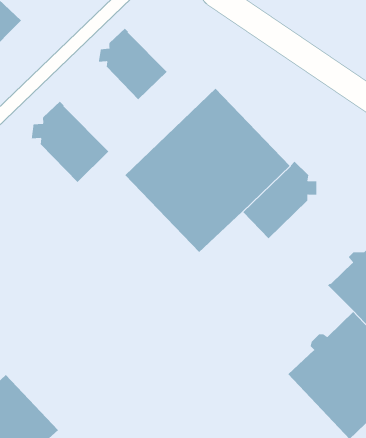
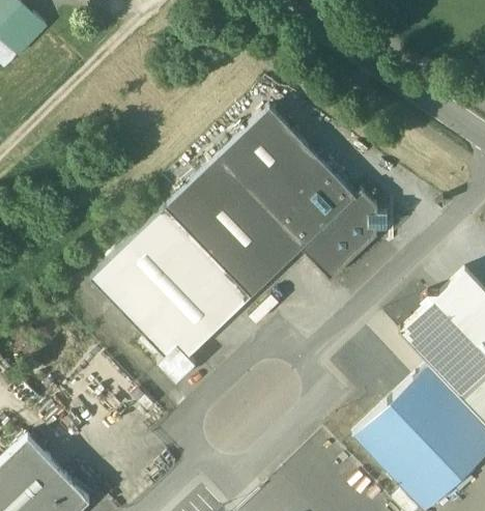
building: [98,28,167,100] -> none
building: [31,101,109,183] -> none
building: none -> [91,206,252,382]

